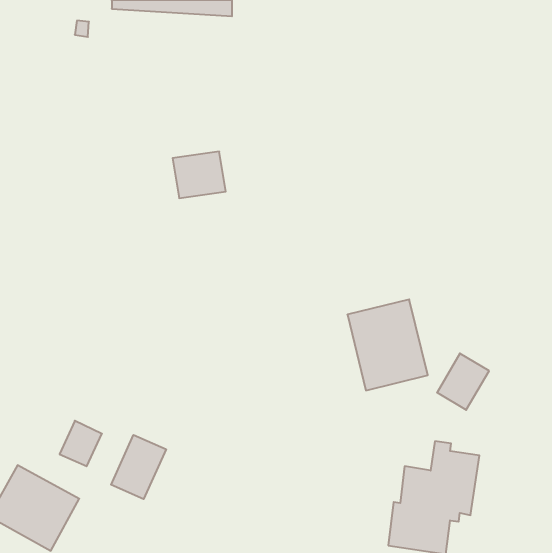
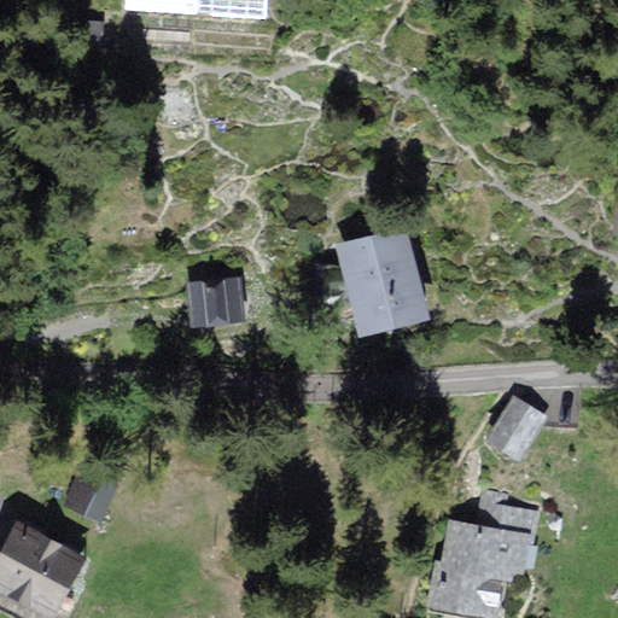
building: [173,152,226,198] -> [186,276,245,328]
building: [347,299,428,390] -> [336,228,425,330]
building: [111,435,166,499] -> none

